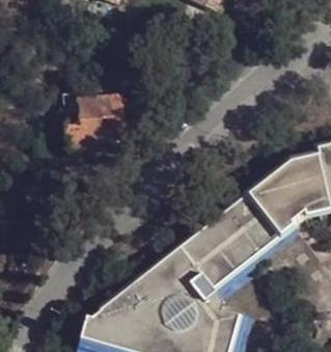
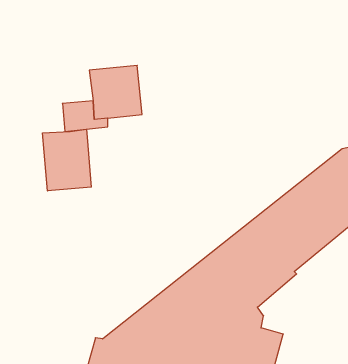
building: none -> [43,129,91,191]

